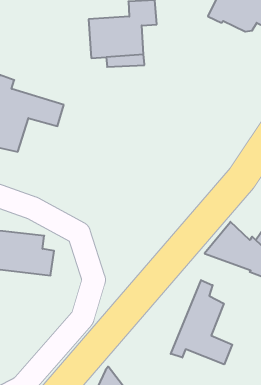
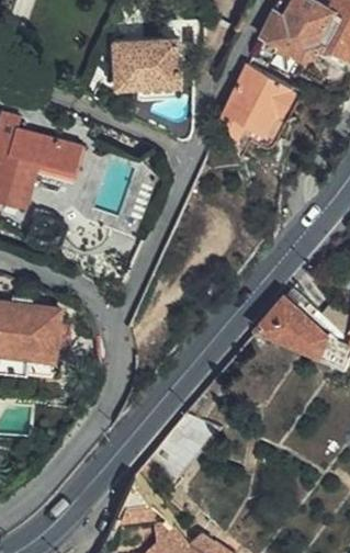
building: none -> [222,66,294,142]
building: [171,280,232,364] -> none

